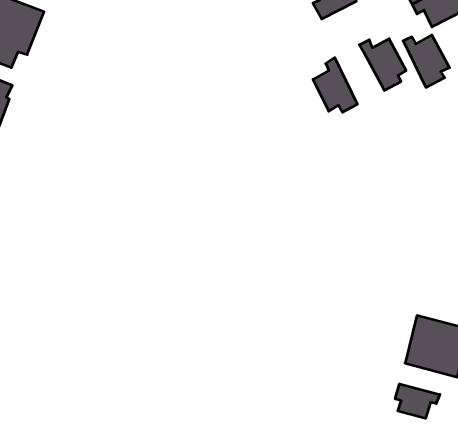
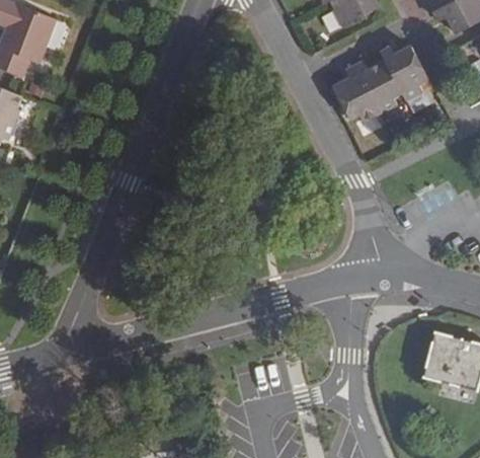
building: [403,35,450,87] -> [353,60,401,113]
building: [395,384,440,418] -> none

